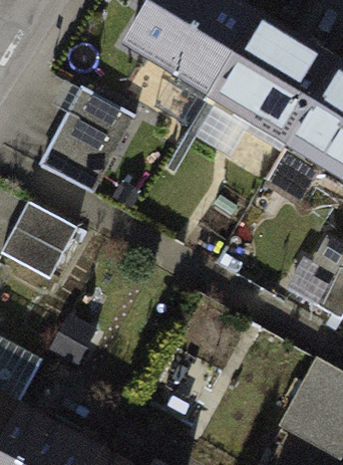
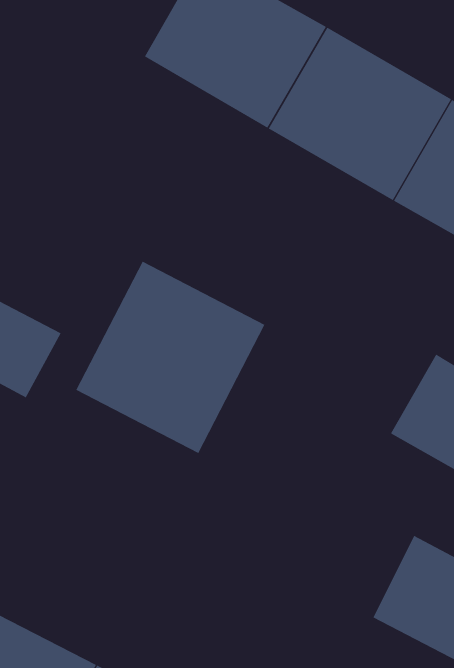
building: [41,93,132,194] -> none
building: none -> [76,261,265,454]

